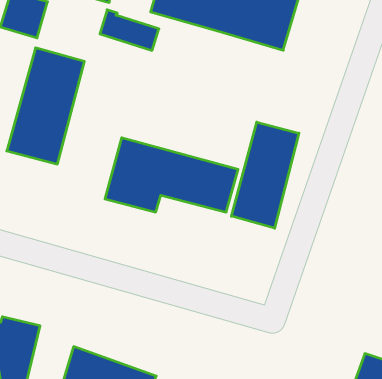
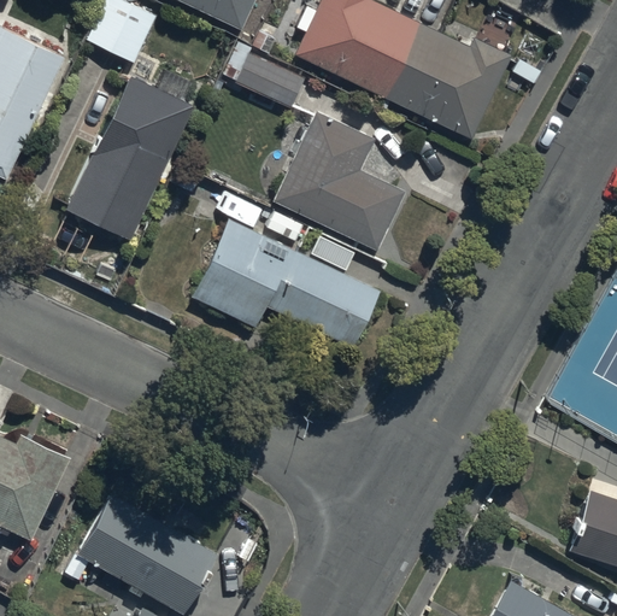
building: none -> [270,108,404,252]
building: [231,122,299,228] -> none

